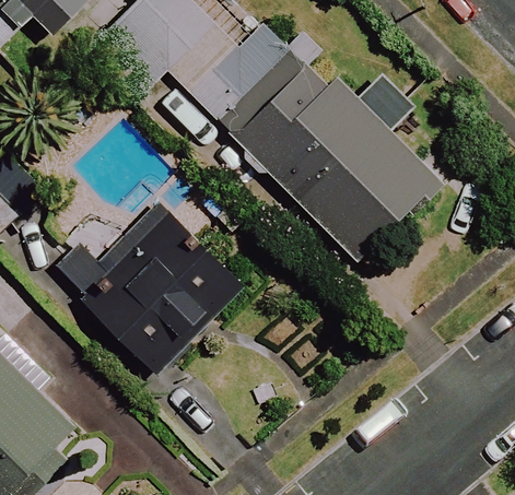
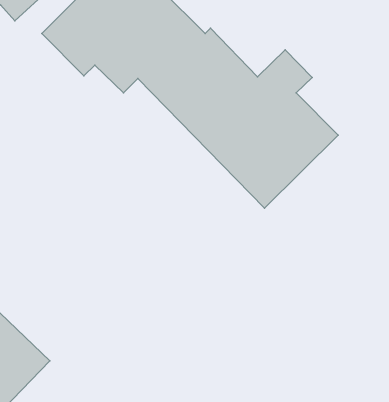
building: [48,196,246,376] -> none

